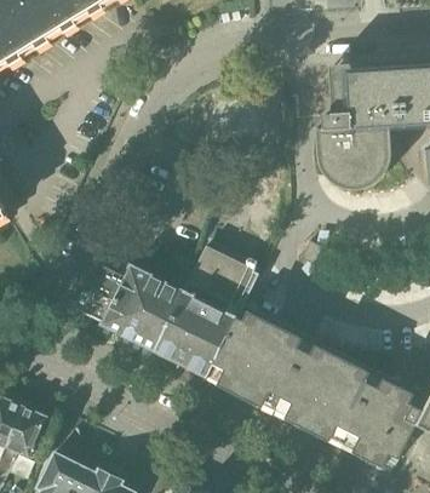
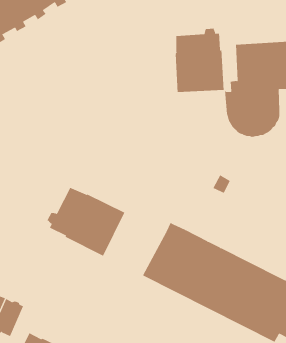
building: none -> [174,28,224,93]
building: [153,245,258,376] -> none

